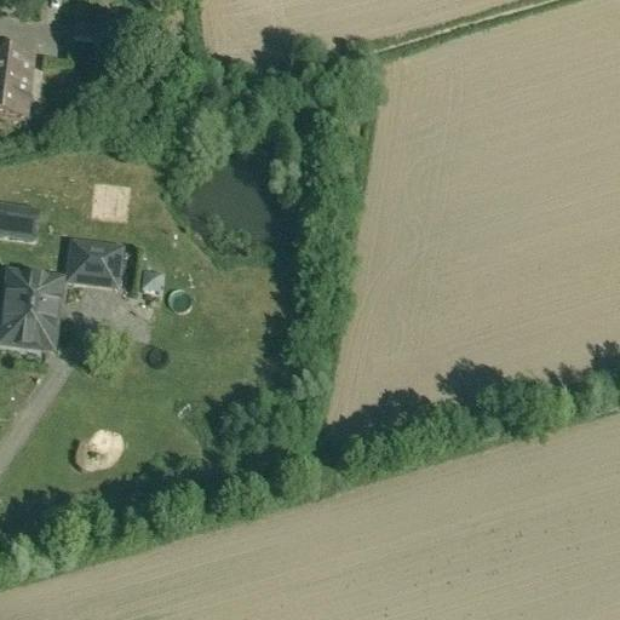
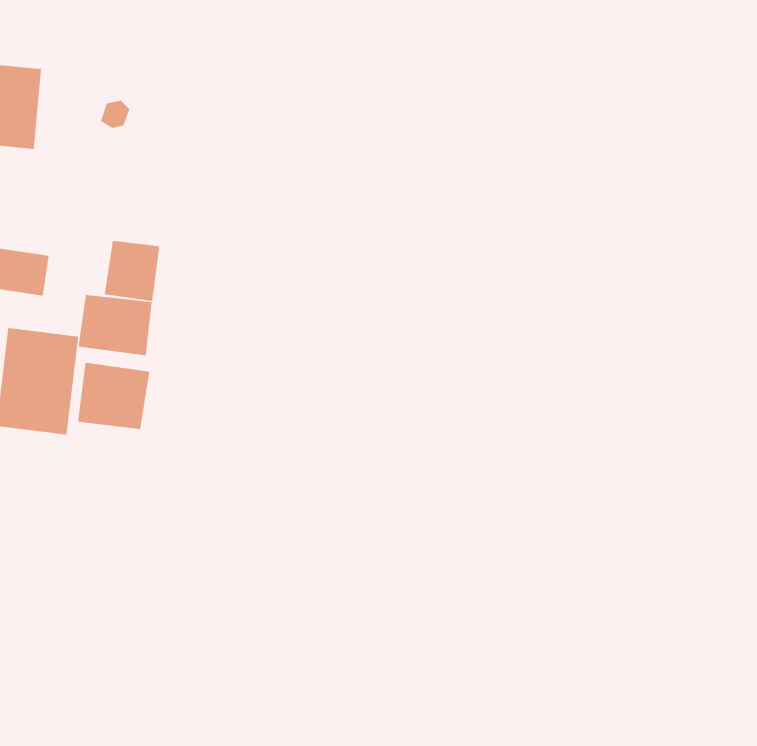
building: none -> [104,240,160,302]
building: none -> [77,362,150,430]

